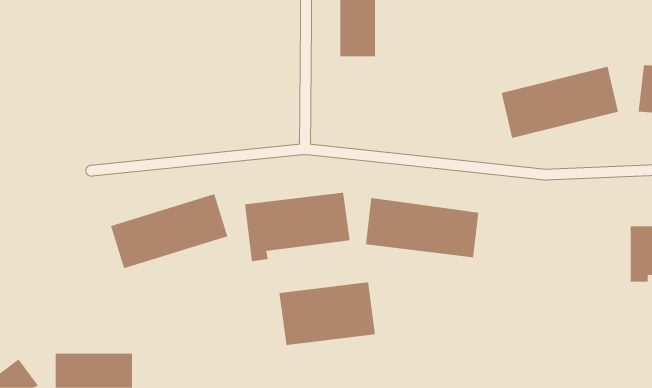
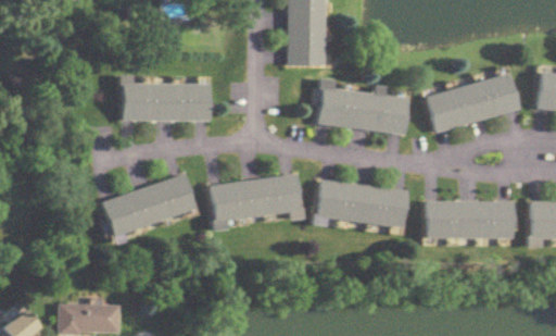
building: none -> [126,75,215,121]
building: none -> [314,76,408,133]
building: none -> [421,201,511,238]
building: [279,282,375,346] -> none

